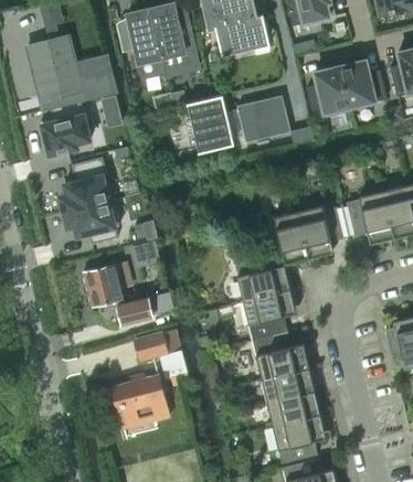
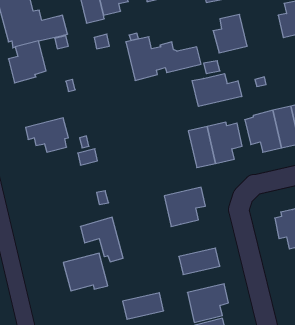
building: [340,61,386,108] -> none
building: none -> [192,74,242,106]
building: [60,158,113,213] -> none
building: [234,257,290,301] -> none
building: [83,264,152,325] -> none
building: [256,332,309,379] -> none
building: [267,392,320,426] -> [123,293,164,319]

